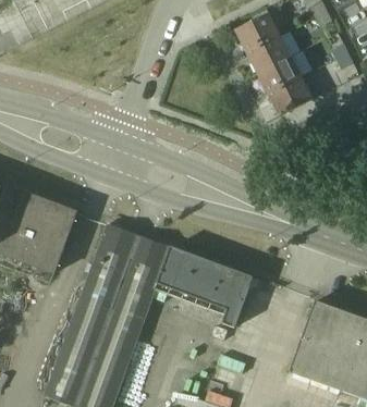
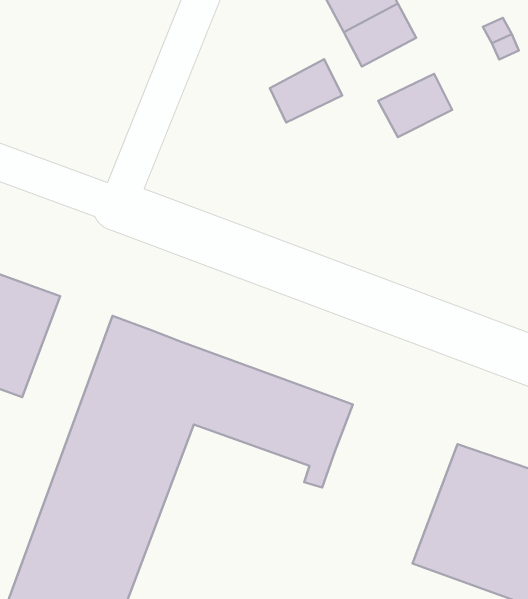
building: [257,57,301,95] -> [270,59,342,123]

